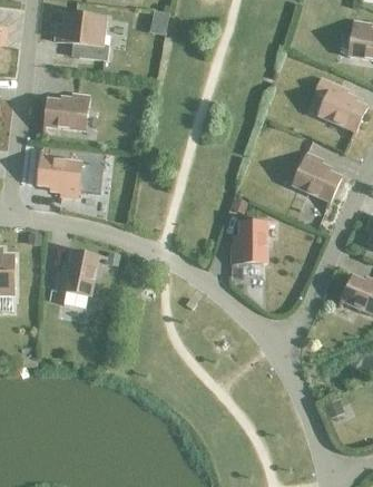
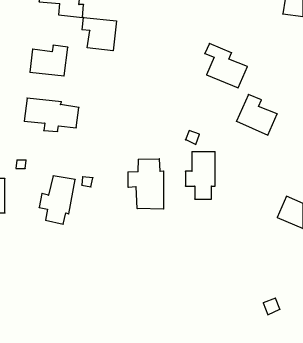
building: none -> [82,17,116,51]
building: [315,77,366,130] -> [205,43,247,88]
building: none -> [128,159,163,209]

